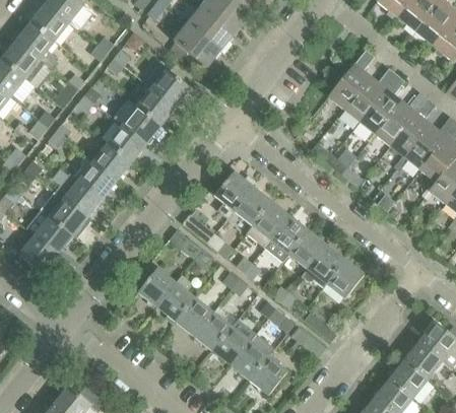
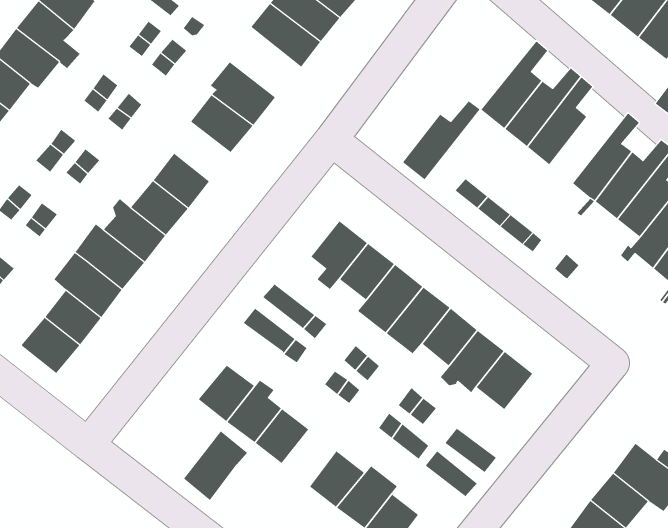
building: [375,92,428,146] -> [402,100,480,180]
building: [113,100,159,145] -> none
building: [194,303,238,351] -> [183,430,248,501]

